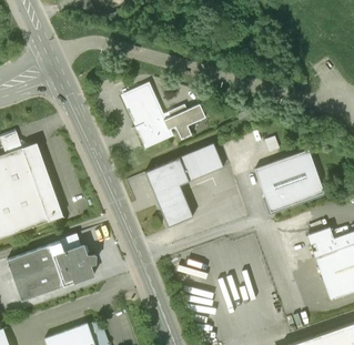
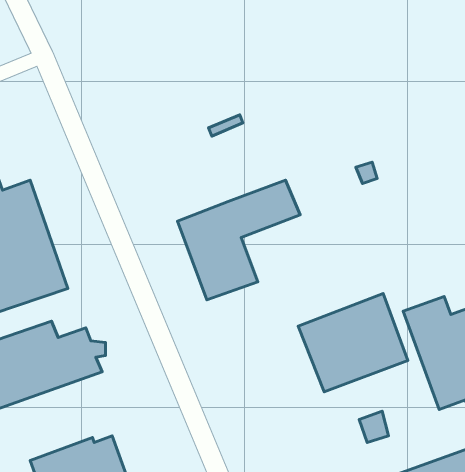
building: [119,83,209,150] -> none
building: [246,145,321,212] -> [298,293,408,392]

